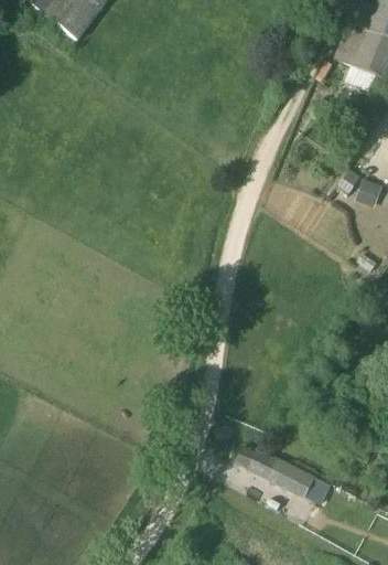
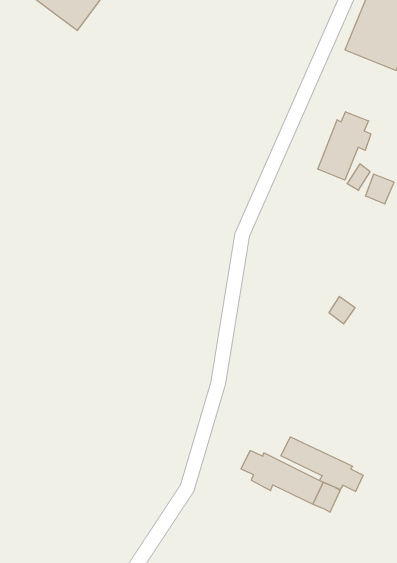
building: none -> [318,112,371,180]
building: none -> [281,437,363,492]

